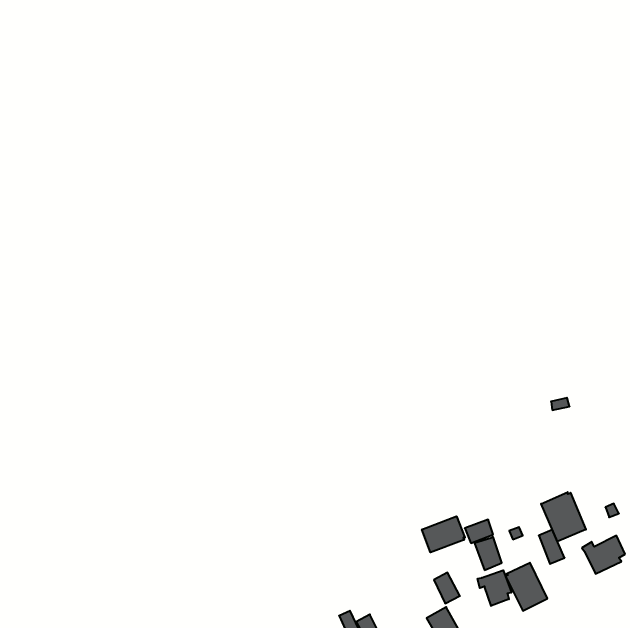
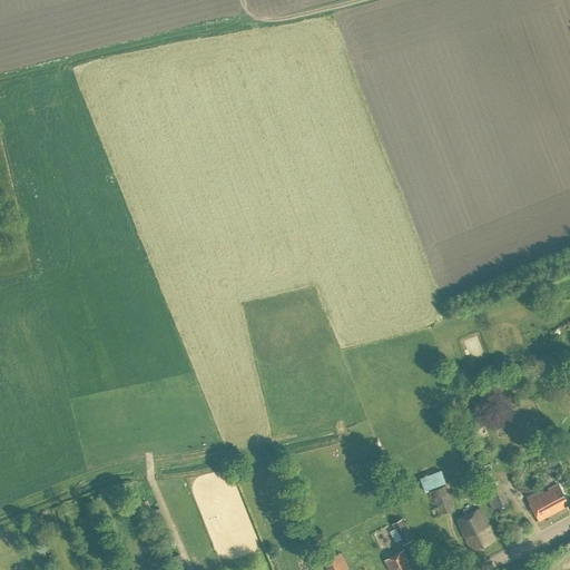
building: [541,492,586,541] -> none
building: [422,516,465,552] -> none
building: [478,570,511,606] -> none

